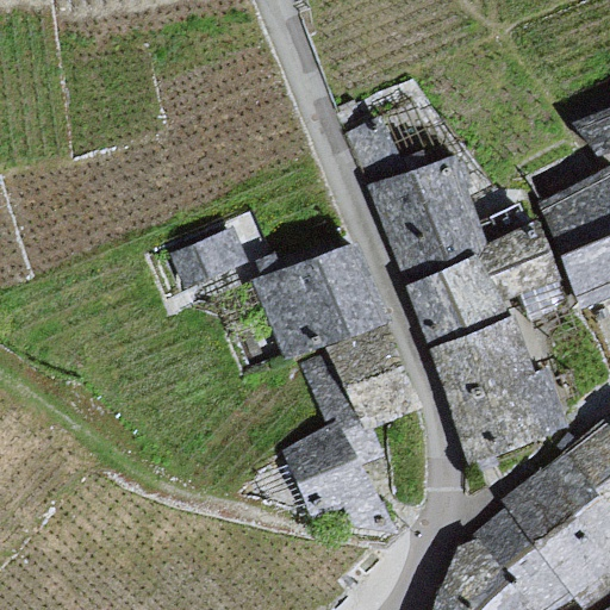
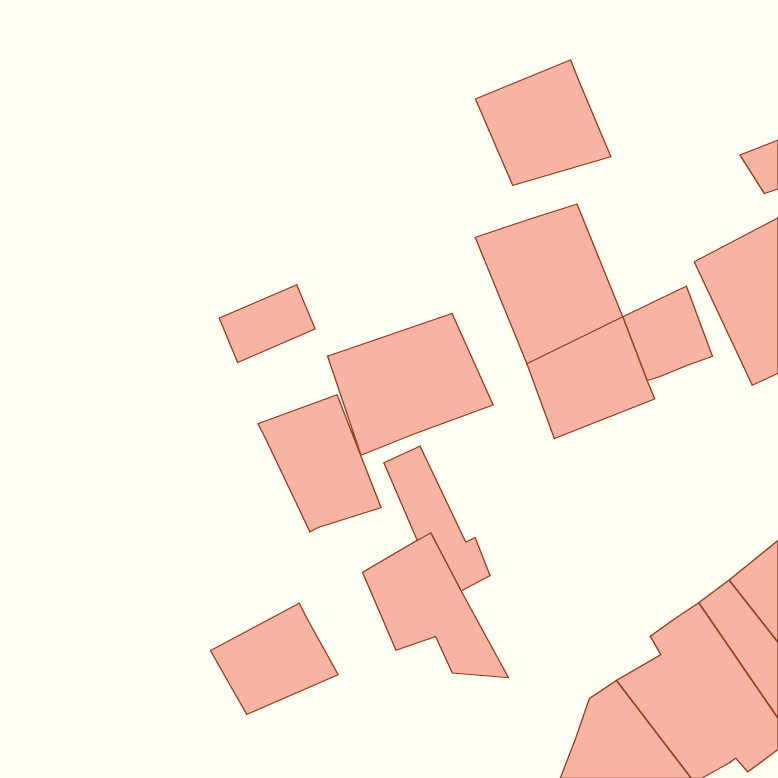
building: none -> [476,60,611,186]
building: [434,312,567,454] -> none
building: [324,317,421,424] -> [258,395,381,532]
building: none -> [211,603,338,715]

